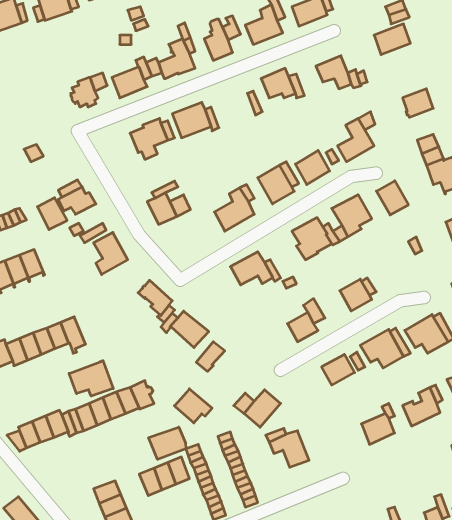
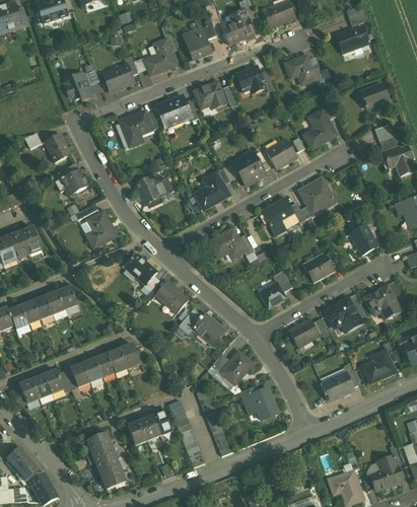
building: none -> [194,81,226,107]
building: [376,181,408,215] -> [349,224,377,255]
building: [37,198,67,230] -> [45,133,71,161]
building: [69,361,113,396] -> none
building: [174,389,212,423] -> [192,313,225,344]
building: [149,427,186,459] -> none

